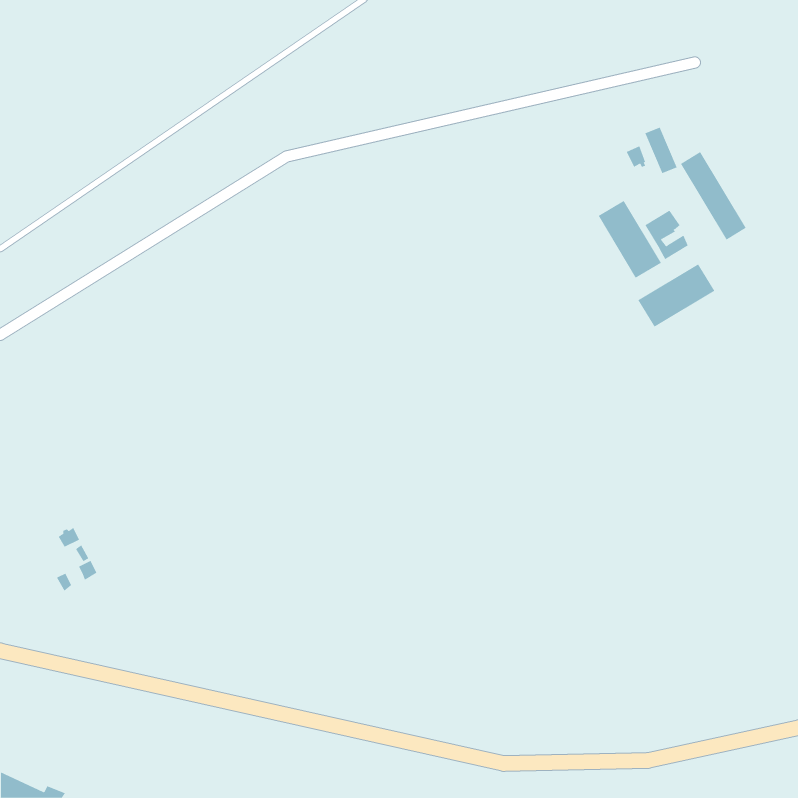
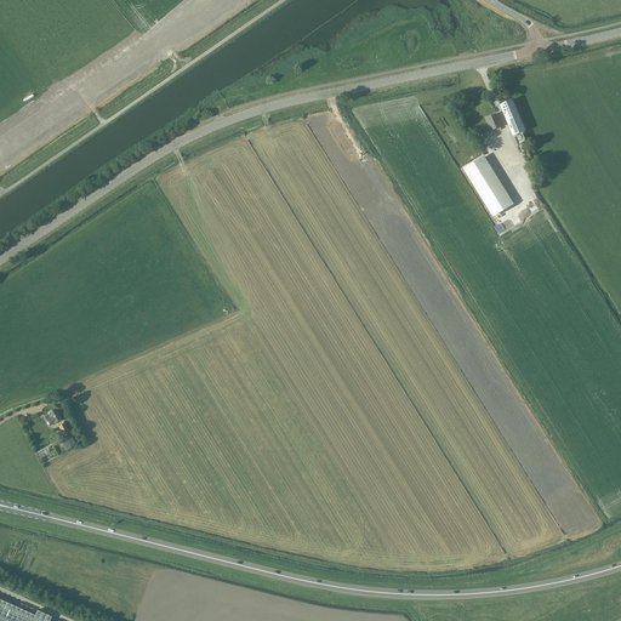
building: [680,151,746,241] -> none
building: [638,264,715,328] -> none

